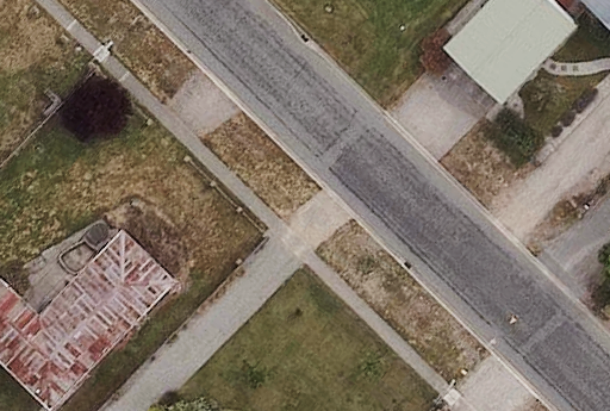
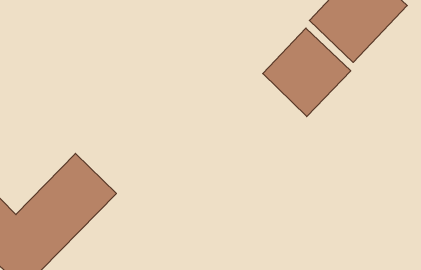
building: none -> [263,28,351,117]

